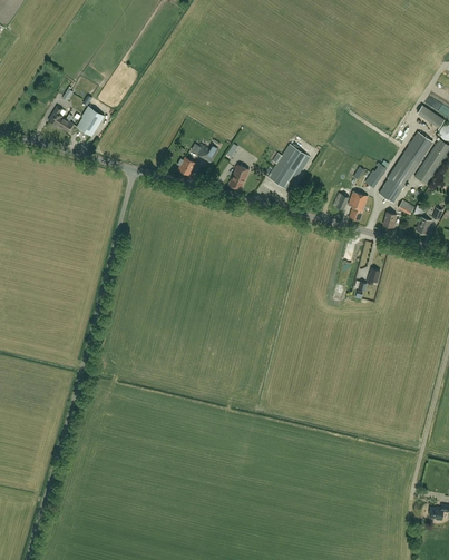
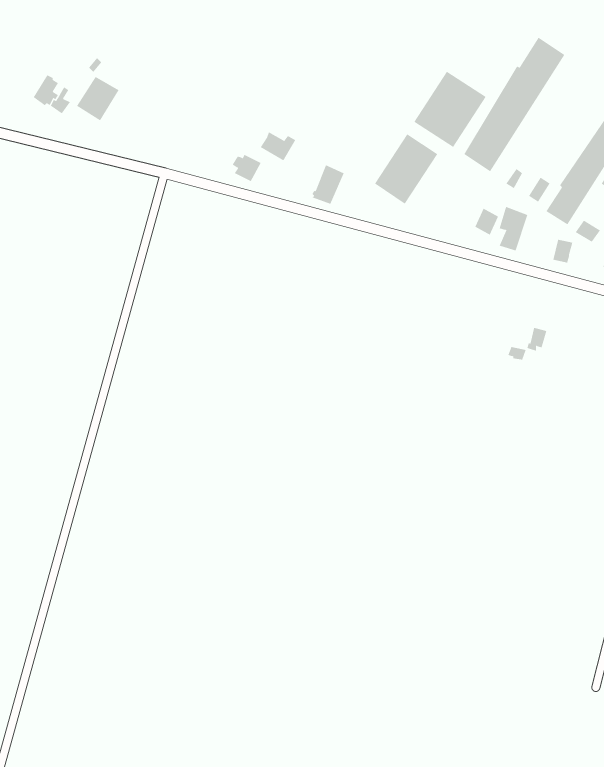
building: none -> [463,37,565,172]
building: none -> [413,71,487,148]

